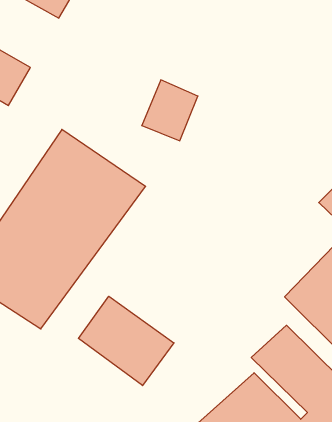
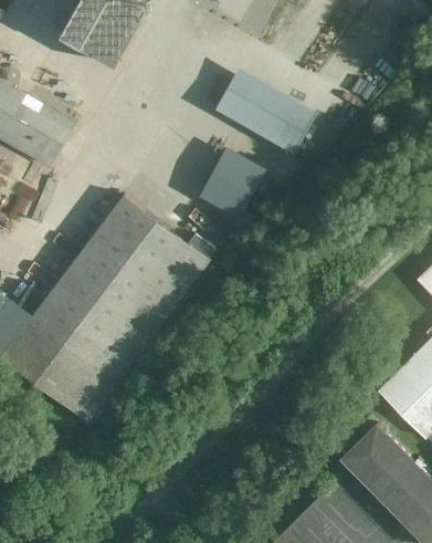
building: none -> [218,71,312,148]
building: [78,296,174,386] -> none

